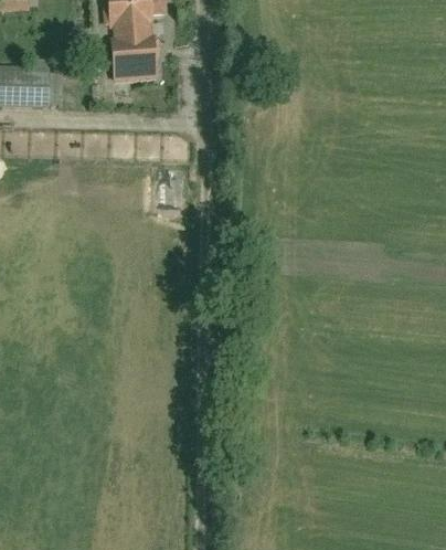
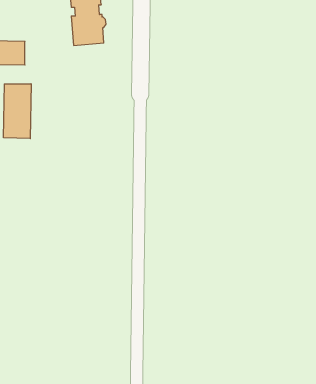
building: none -> [4,84,31,139]

